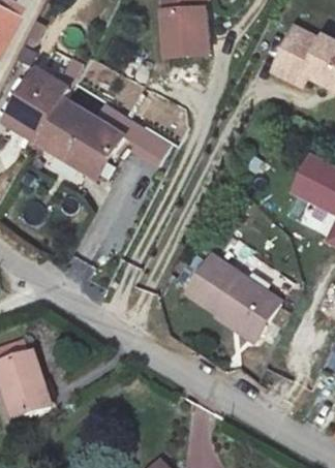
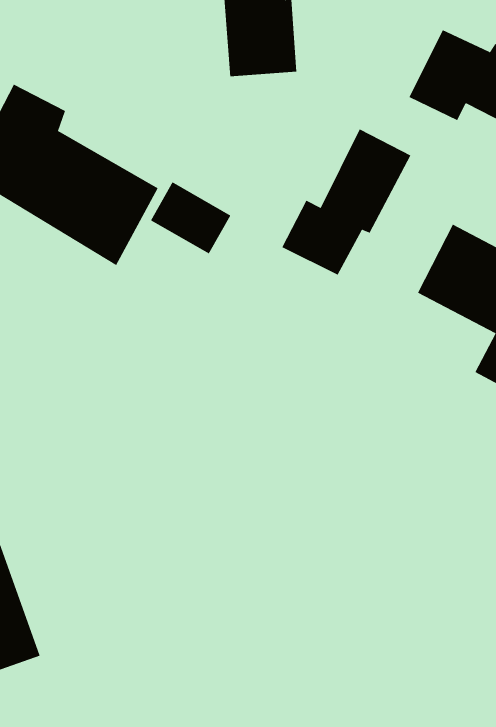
building: none -> [281,129,411,276]
building: [185,258,278,343] -> none

